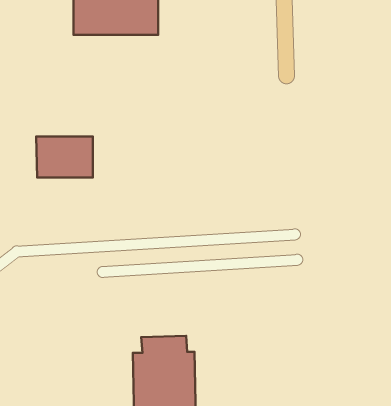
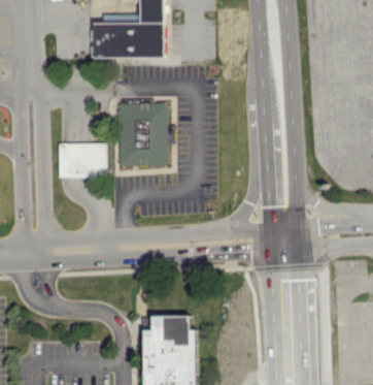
building: none -> [120,102,168,165]

